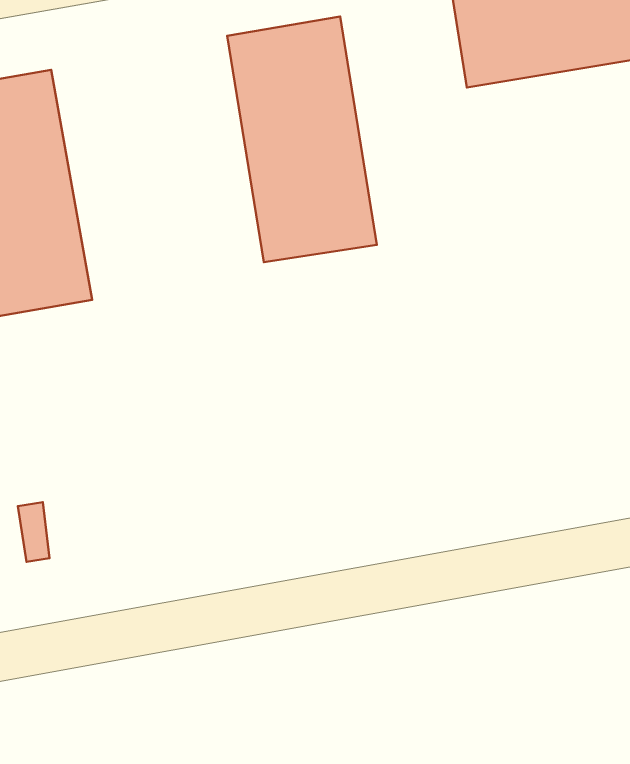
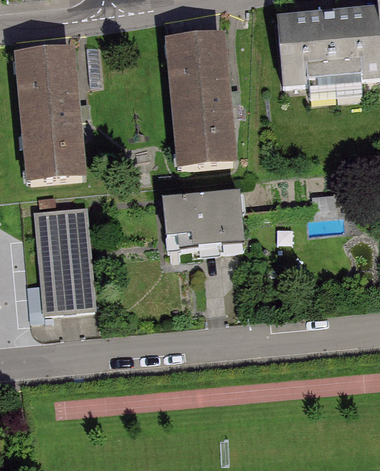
building: none -> [166,193,241,250]
building: none -> [46,205,99,308]

